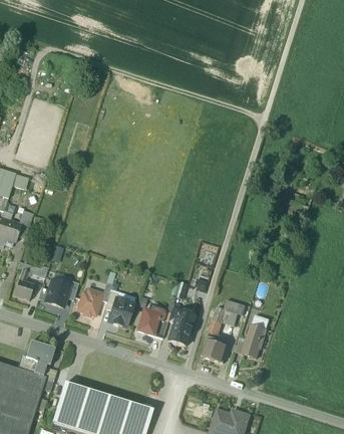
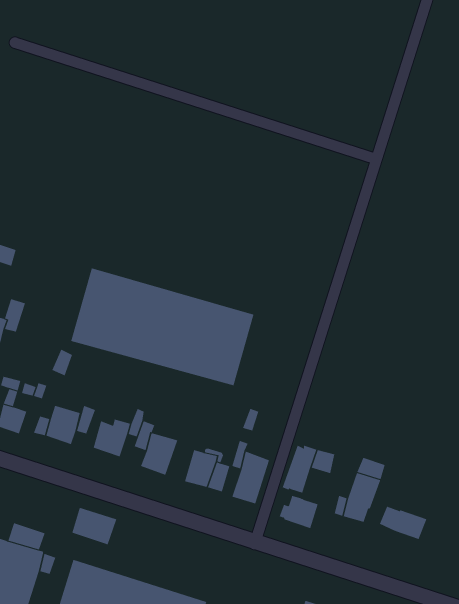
building: none -> [70,268,254,386]
building: [25,341,55,366] -> [72,507,117,545]
building: none -> [379,506,427,540]

